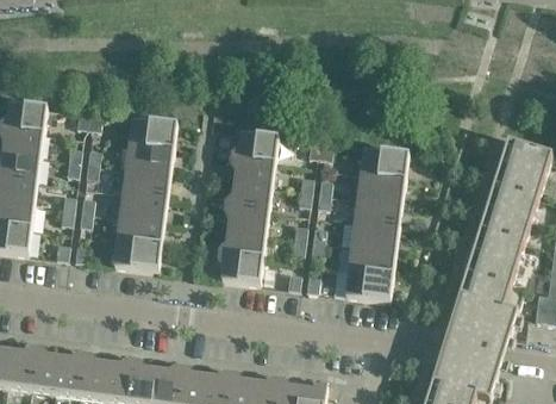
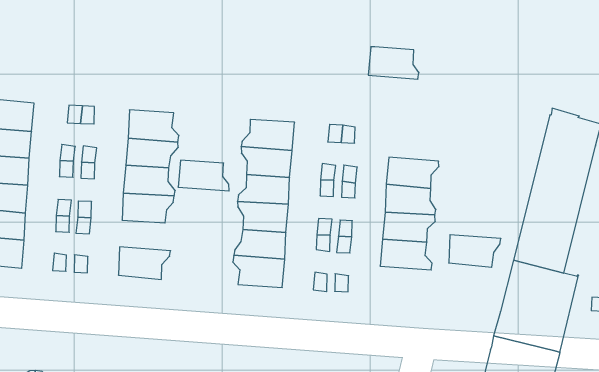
building: [361,149,406,180] -> [368,47,419,79]
building: [117,217,162,247] -> [178,160,229,191]
building: [345,271,393,302] -> [449,235,501,267]

